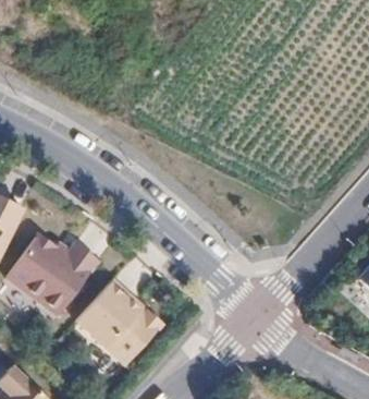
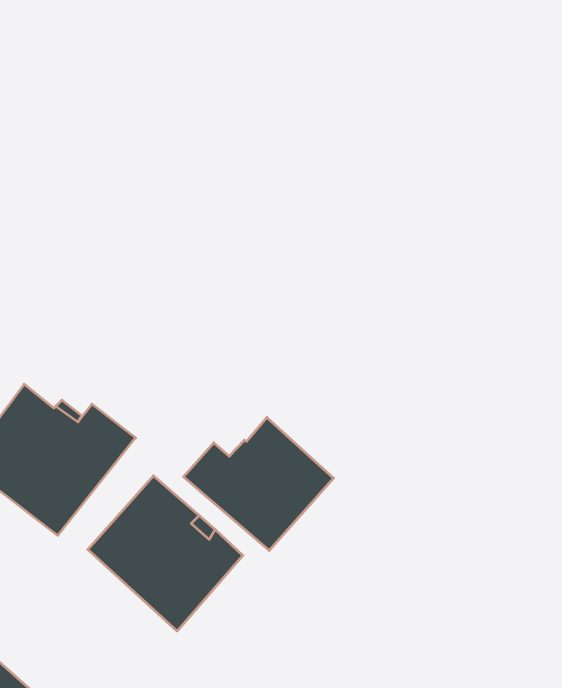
building: none -> [184,417,334,551]

